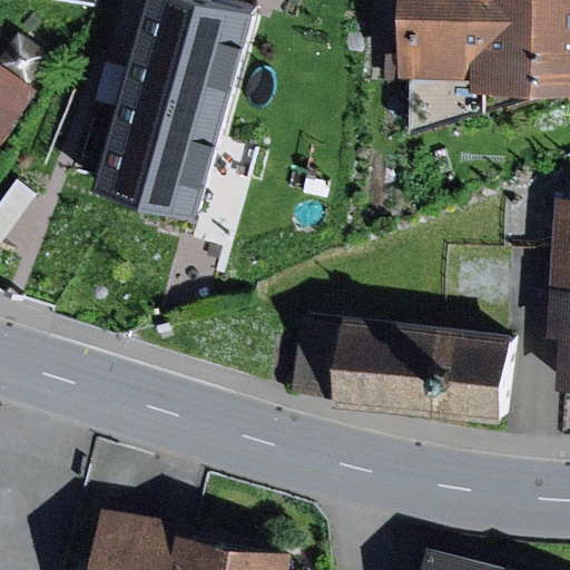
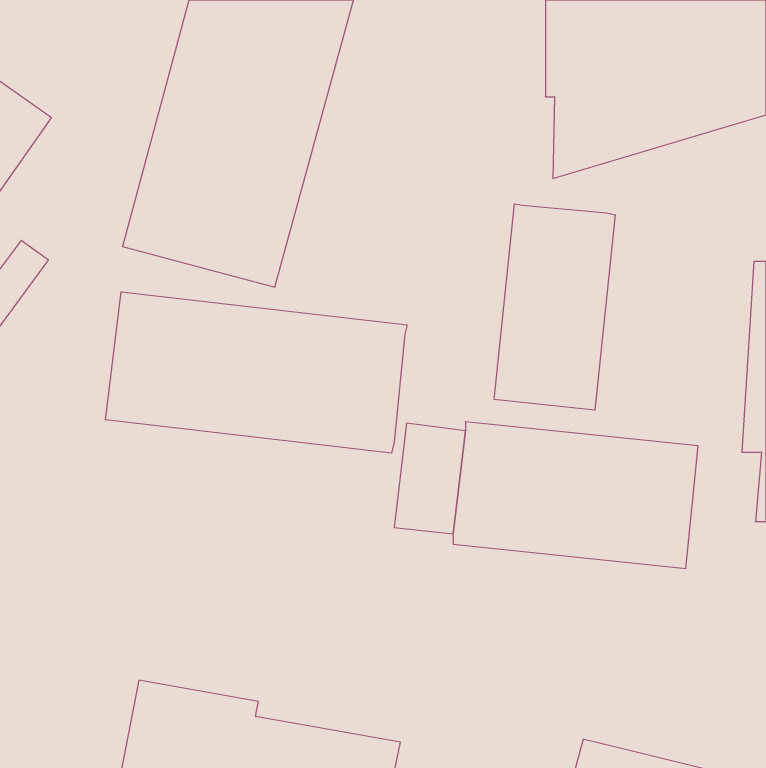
building: none -> [494,204,615,410]
building: none -> [106,292,407,453]

